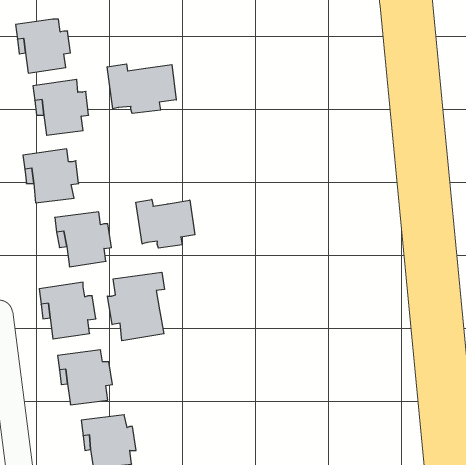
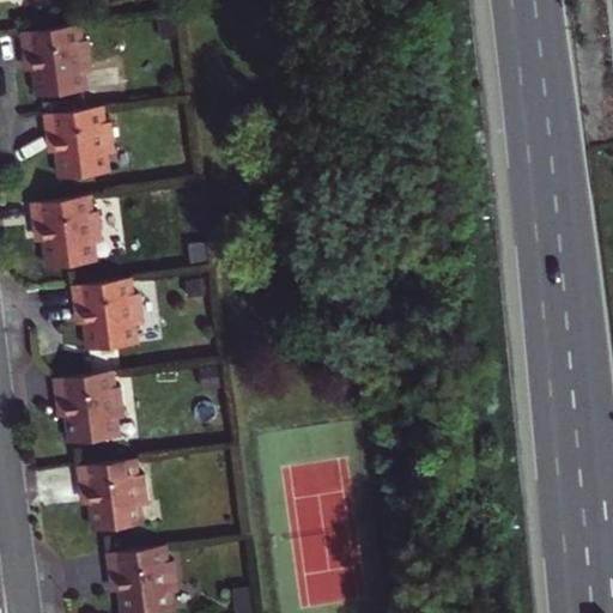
building: [107,64,176,113] -> none
building: [136,199,195,248] -> none
building: [107,272,164,341] -> none

